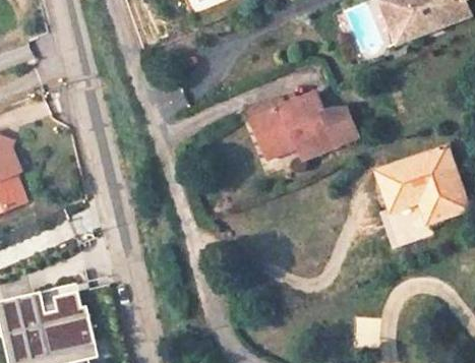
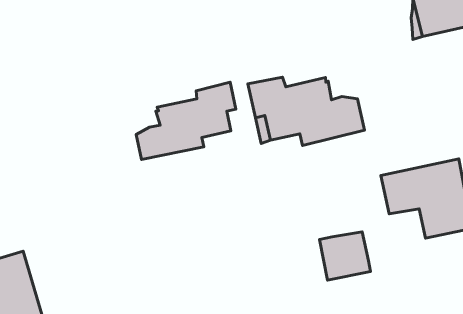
building: none -> [136,82,236,160]
building: [377,197,427,245] -> [319,232,370,280]

